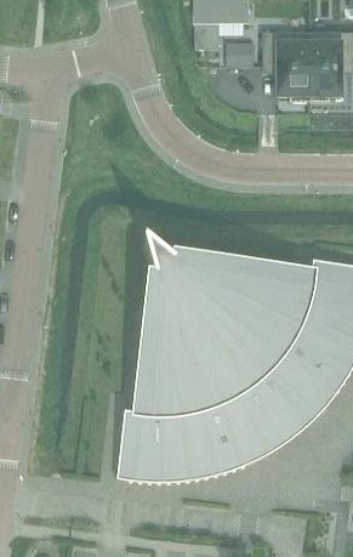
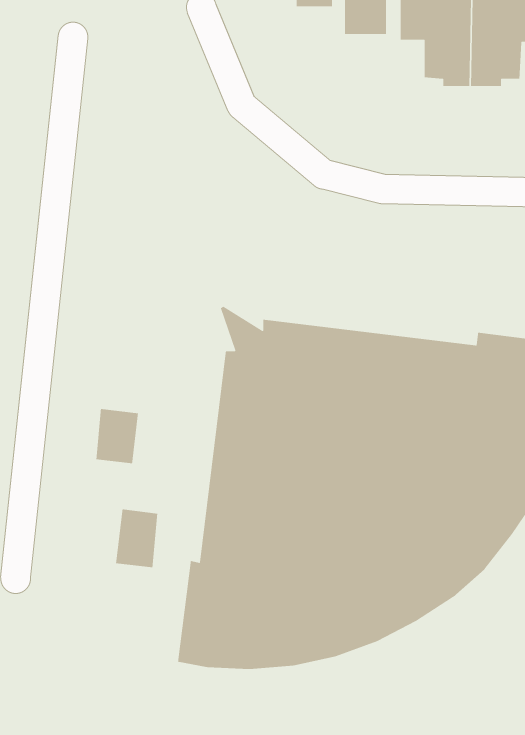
building: none -> [96,408,139,464]
building: none -> [115,509,158,568]

